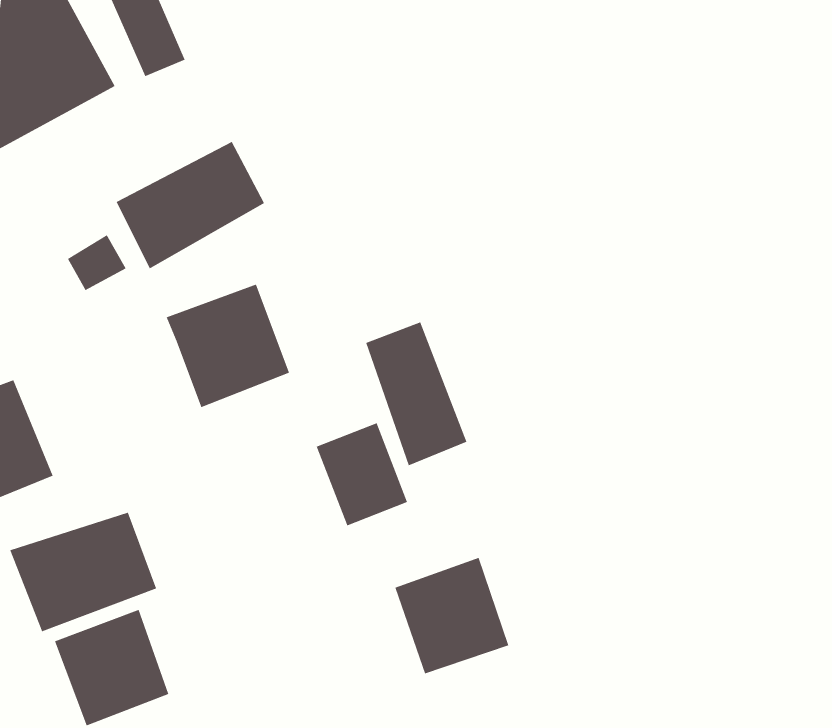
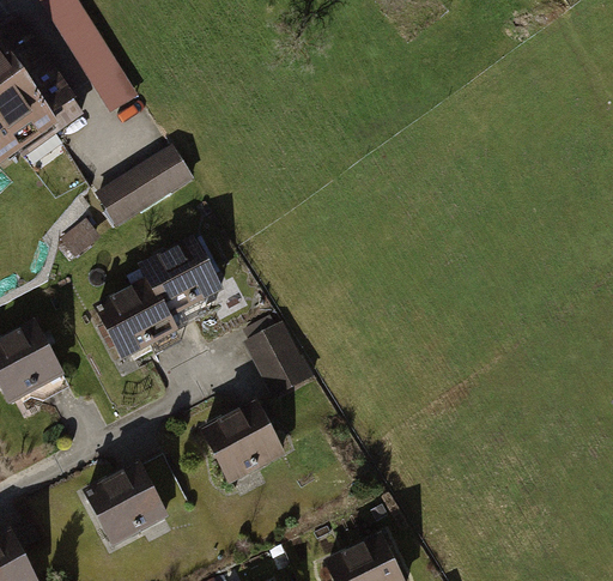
building: [366,322,467,466] -> none
building: none -> [93,280,169,358]
building: [9,512,157,632] -> none
building: [394,557,509,674] -> [201,403,283,485]

